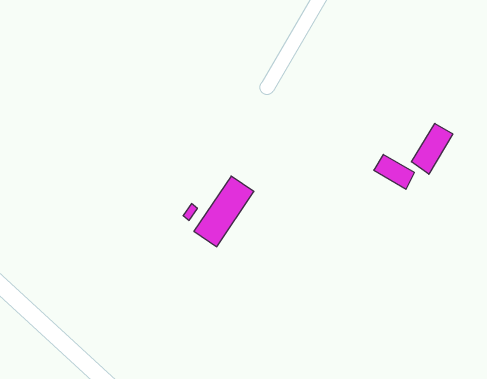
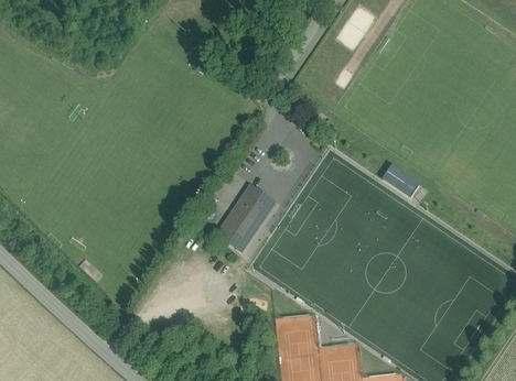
building: [411,123,453,174] -> none

